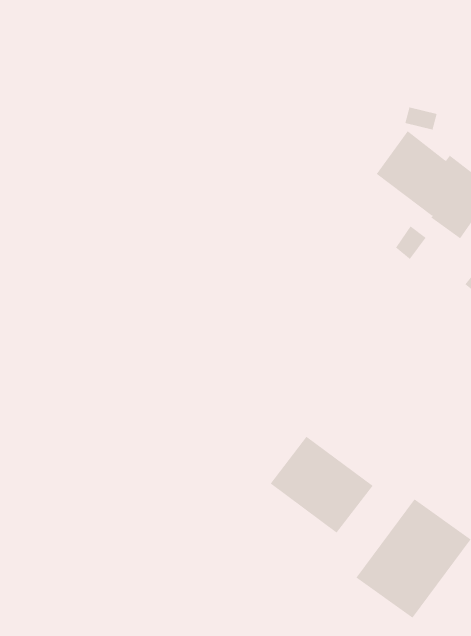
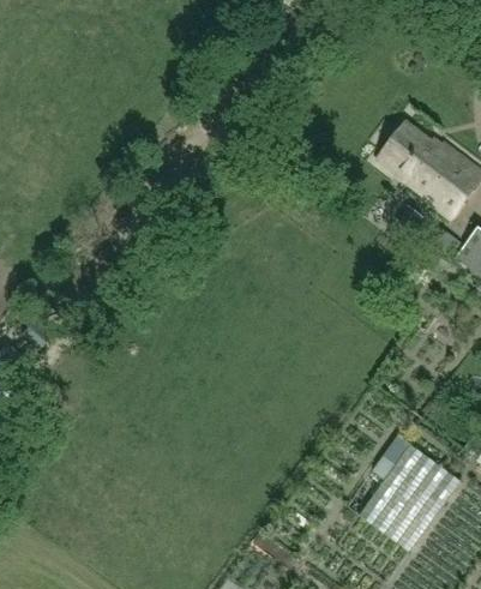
building: [270,436,373,533] -> none

